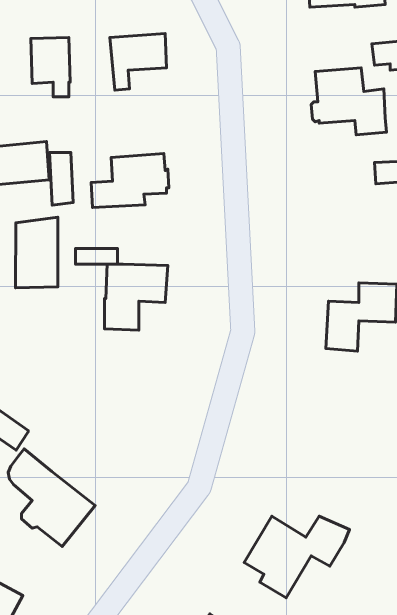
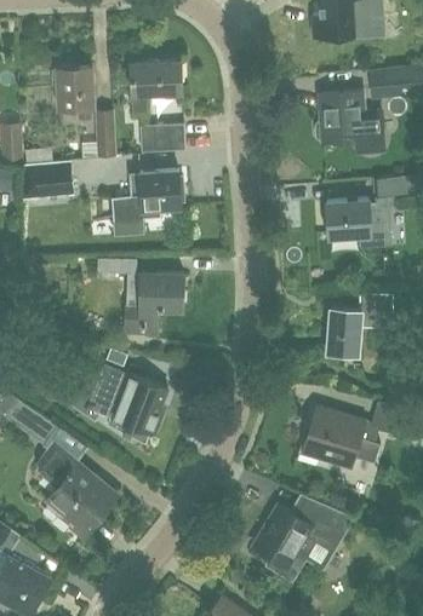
building: none -> [139,123,184,152]
building: [50,152,73,205] -> [93,110,115,159]
building: none -> [326,197,389,248]
building: [15,217,58,288] -> none
building: none -> [87,365,166,443]
building: none -> [297,404,381,465]

